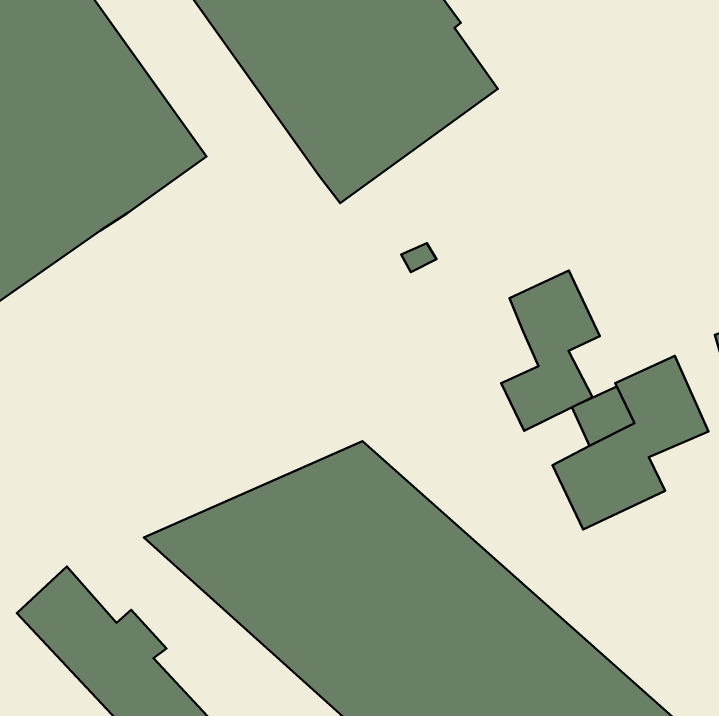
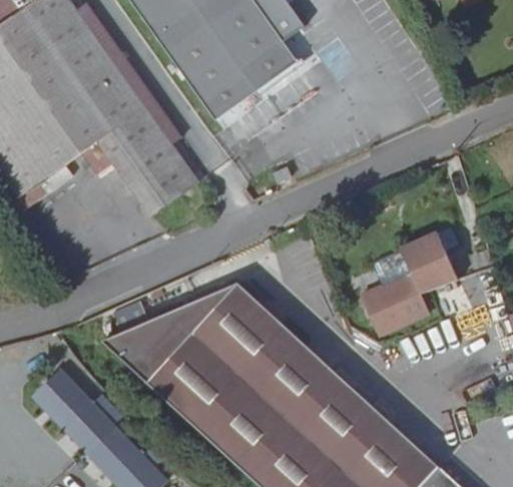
building: none -> [79,107,196,214]
building: [501,270,600,431] -> none

